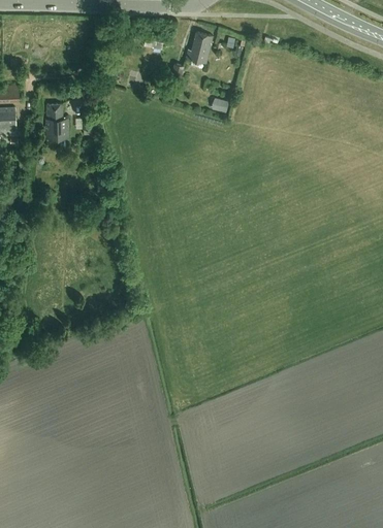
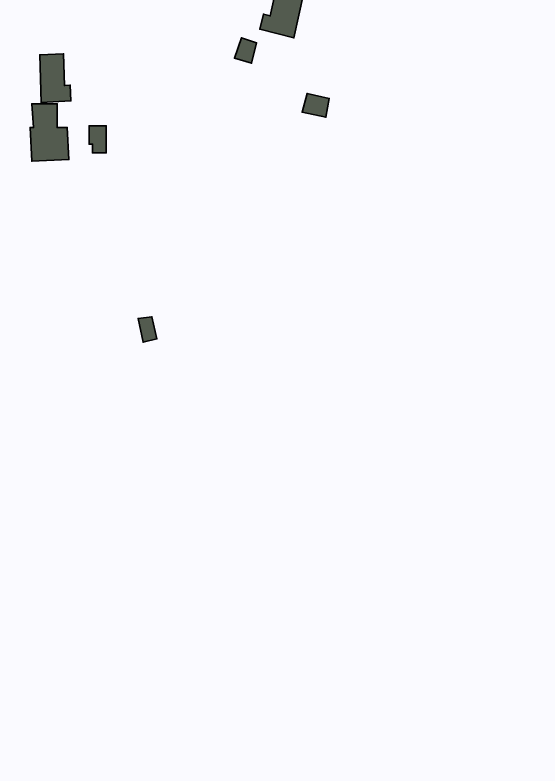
building: none -> [40,54,71,102]

